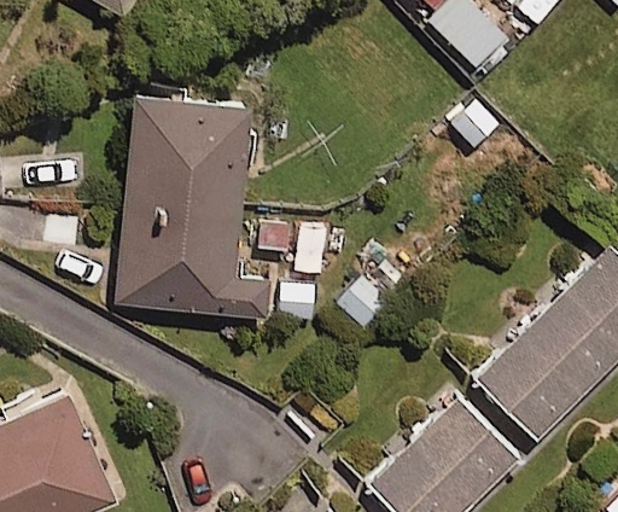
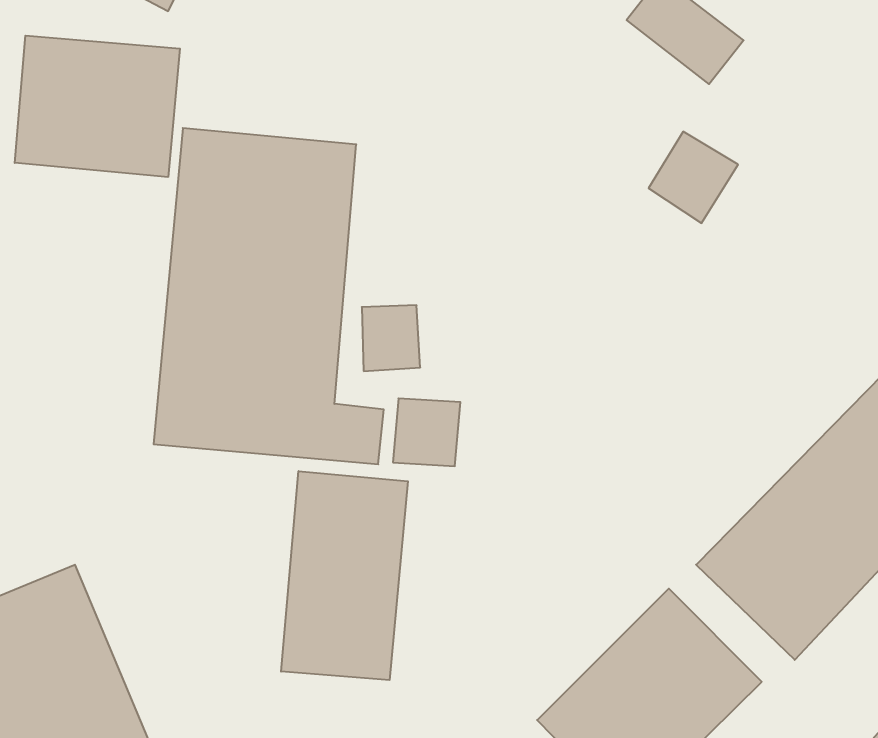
building: none -> [15,36,180,177]
building: none -> [281,471,408,680]

